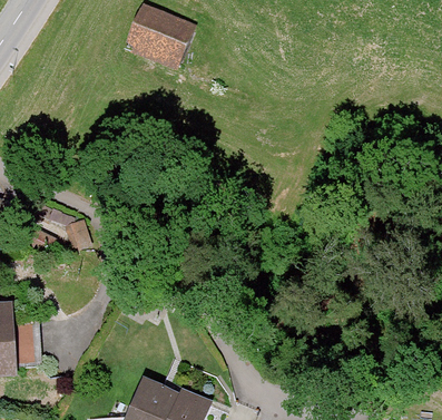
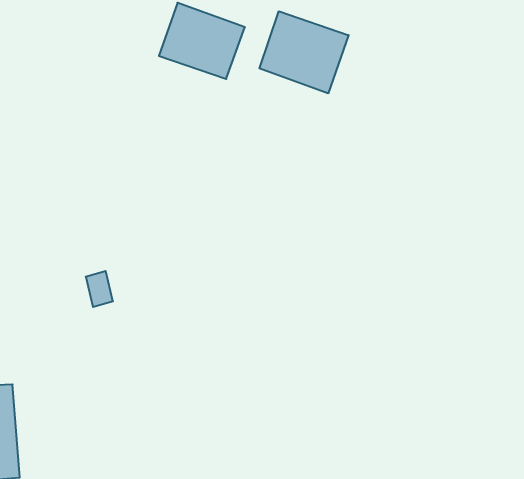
building: none -> [259,11,349,93]

